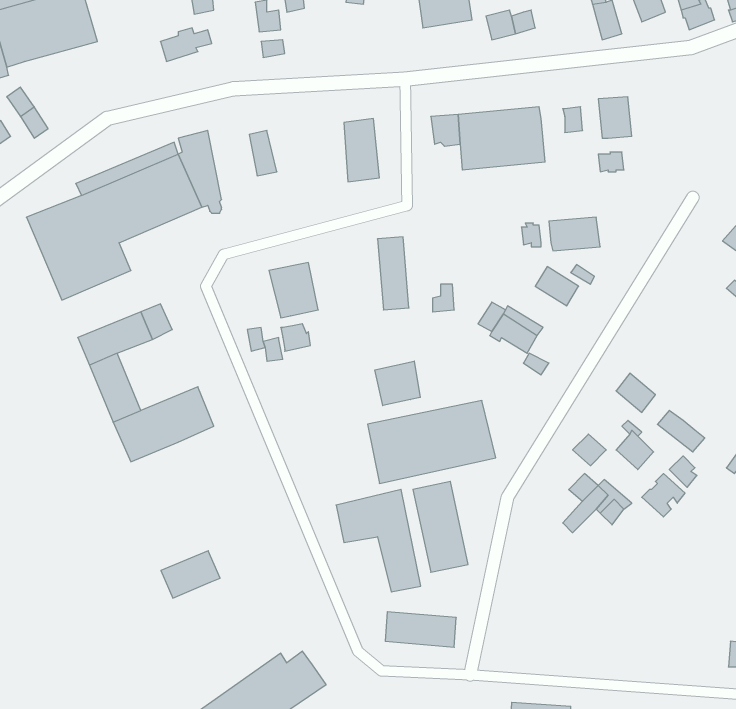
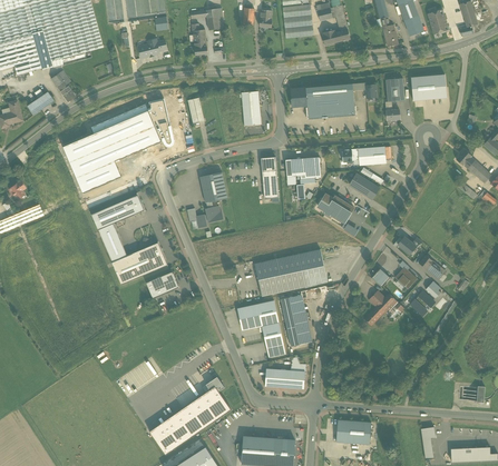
building: none -> [411,73,447,100]
building: none -> [286,157,321,176]
building: [375,361,420,406] -> none
building: [161,551,220,598] -> [146,271,179,298]

